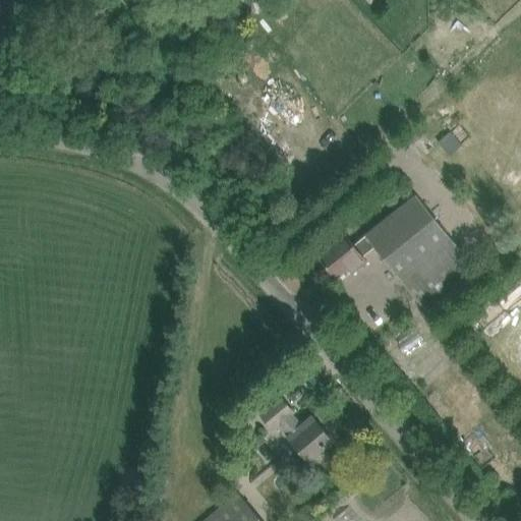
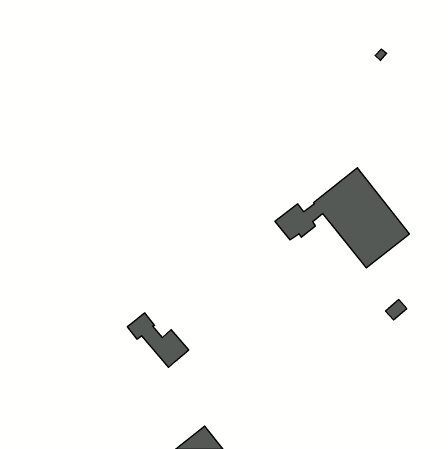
building: [260,398,332,461] -> [127,313,189,367]

